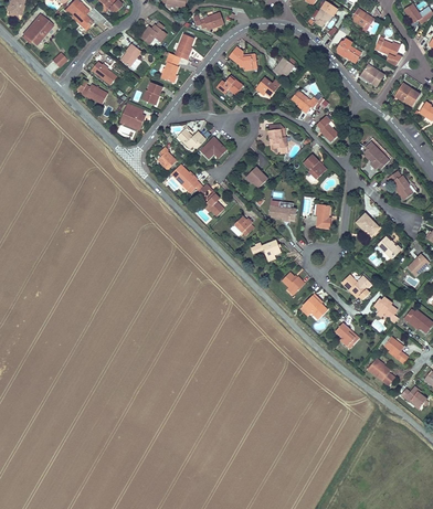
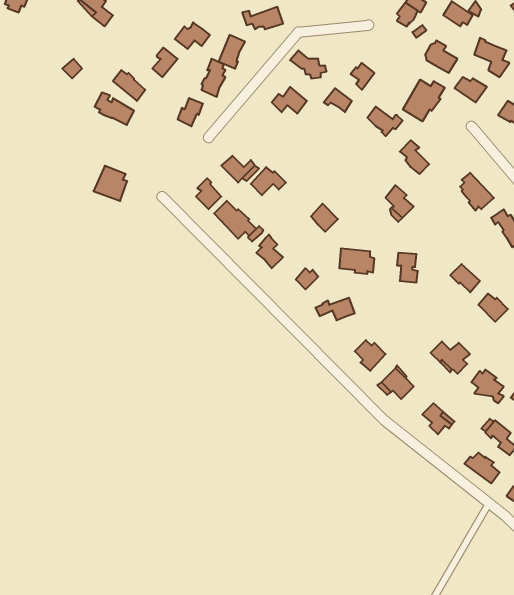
building: [21,13,53,45] -> none
building: none -> [403,80,445,121]
building: [118,103,145,130] -> [93,166,127,201]
building: [267,123,291,153] -> none

